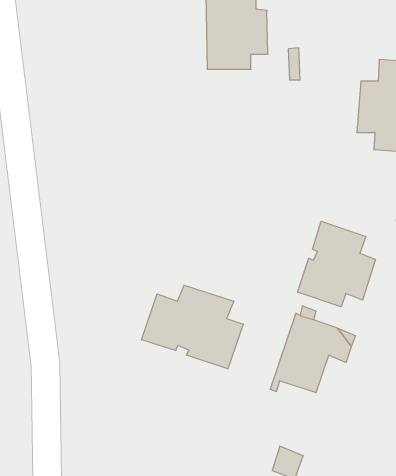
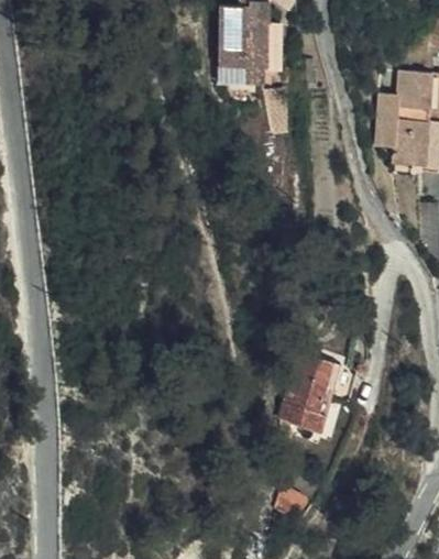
building: [298,221,375,307] -> none
building: [141,285,243,369] -> none

